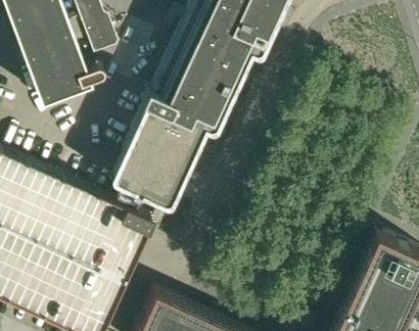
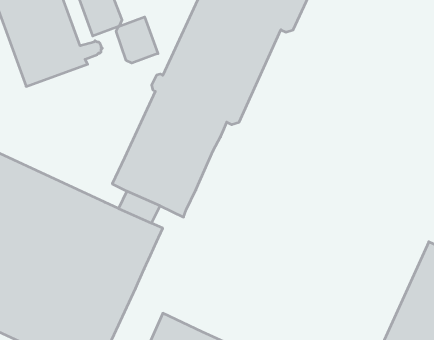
building: none -> [116,17,158,63]

